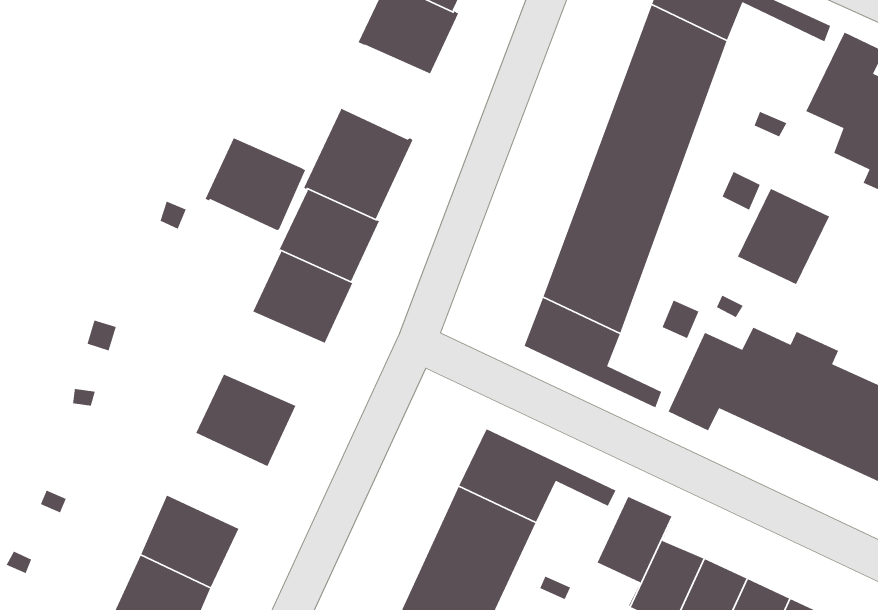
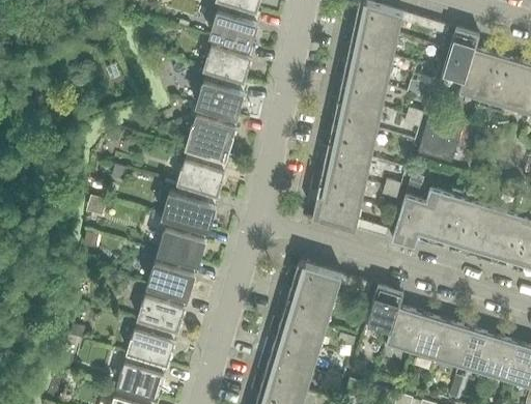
building: [204,138,306,231] -> [196,71,247,117]
building: none -> [158,219,208,264]
building: none -> [137,286,188,333]

